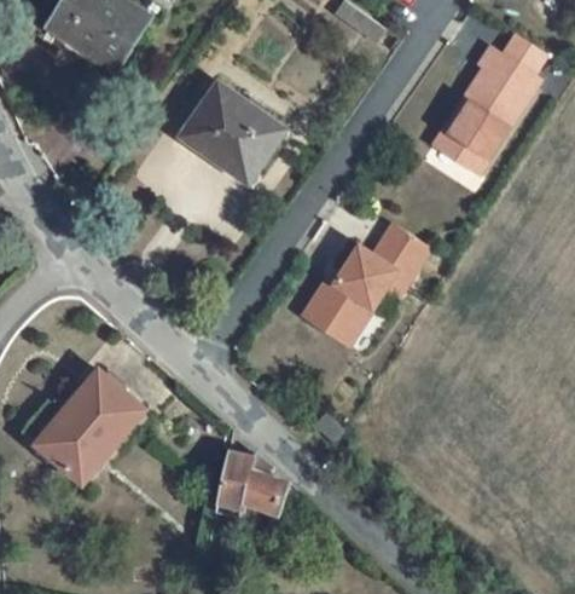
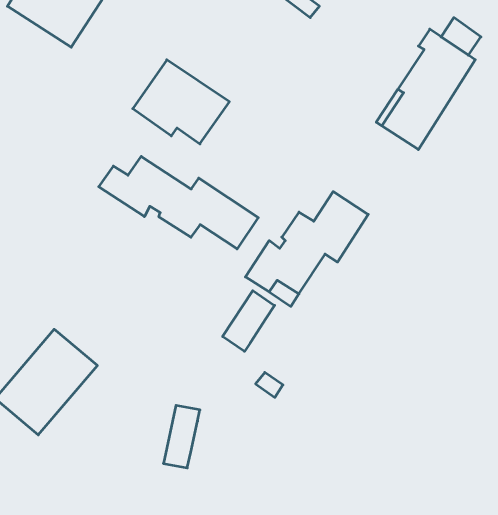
building: none -> [99,156,258,249]
building: none -> [223,291,275,351]
building: [242,467,284,511] -> none

